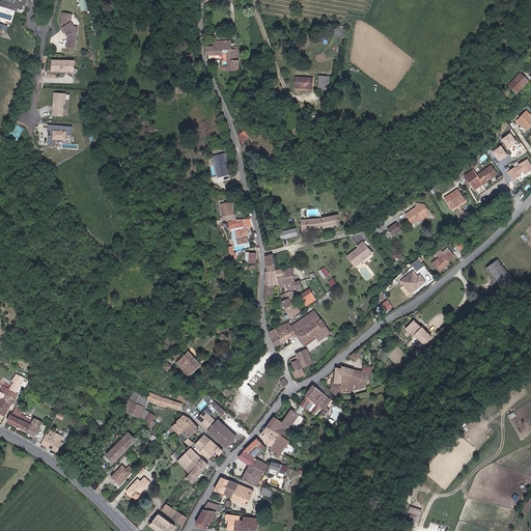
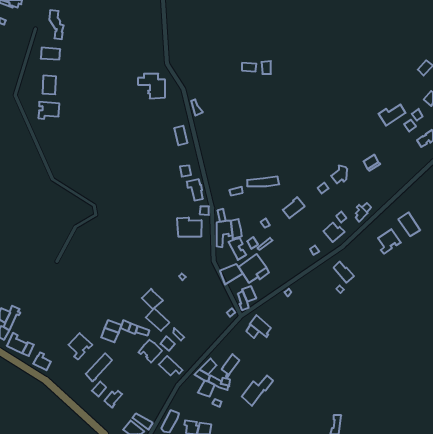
building: [205,40,239,71] -> [138,74,165,98]
building: [465,164,498,190] -> [378,104,406,126]
building: none -> [177,217,201,237]
building: none -> [378,229,401,254]
building: [330,366,369,394] -> none
building: none -> [68,333,92,359]
building: [260,411,299,448] -> [242,375,273,406]
building: [207,420,236,448] -> [146,308,169,331]
building: [178,448,208,484] -> none
building: [215,477,253,506] -> none

